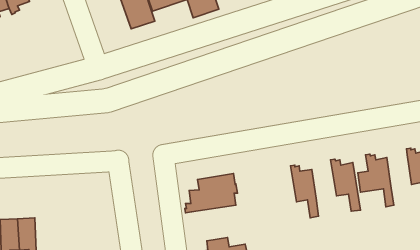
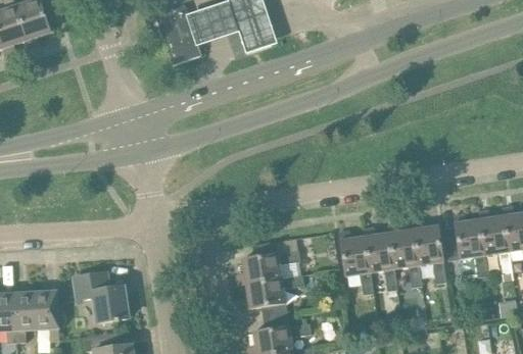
building: none -> [478,210,512,273]
building: none -> [387,224,423,287]
building: none -> [339,232,374,294]
building: none -> [74,273,129,322]
building: none -> [241,275,304,318]

